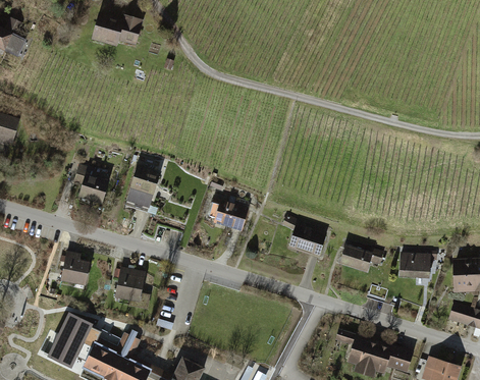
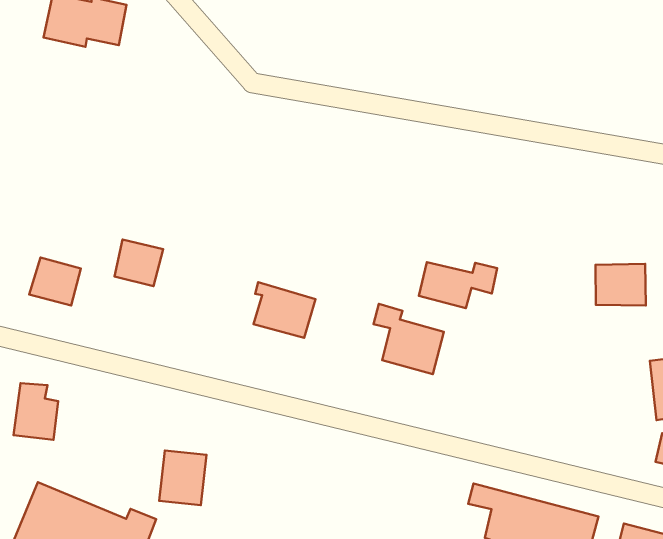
building: [336,245,385,274] -> [419,262,497,308]
building: [397,253,429,279] -> [595,264,646,305]
building: [112,268,143,303] -> [159,450,207,505]

